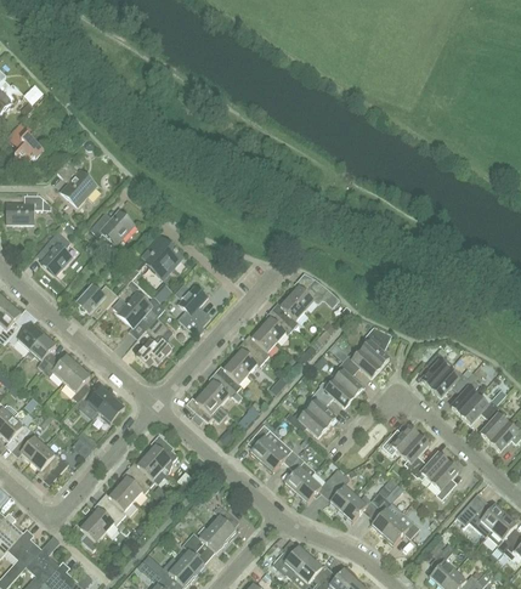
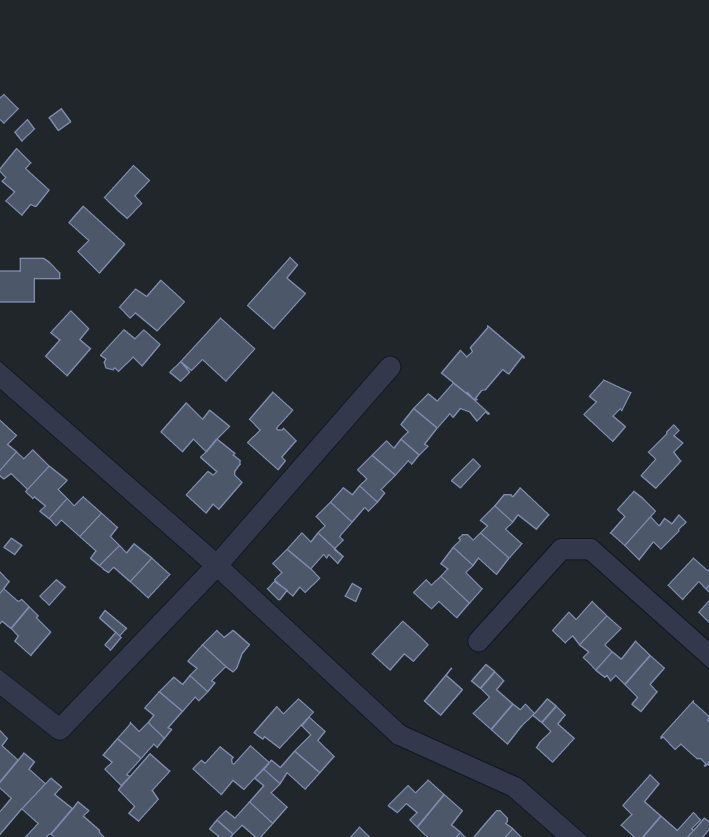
building: none -> [104,166,149,219]
building: none -> [248,257,305,329]
building: none -> [441,326,524,400]
building: [75,284,115,312] -> [101,330,160,371]
building: [359,325,391,367] -> [584,380,631,441]
building: [449,372,477,414] -> [641,425,683,488]
building: [249,423,281,460] -> none
building: [30,446,67,475] -> none
building: [283,454,313,492] -> none
building: none -> [254,699,313,748]
building: [381,511,418,543] -> none
building: none -> [193,746,269,795]
building: none -> [119,754,170,821]

